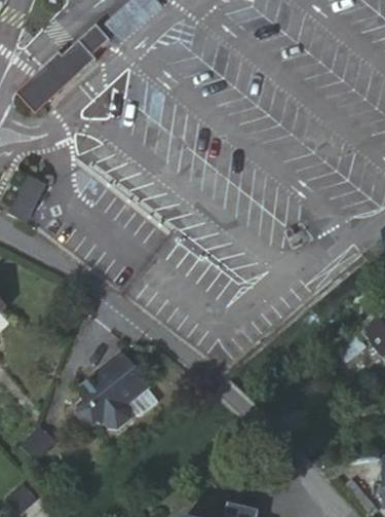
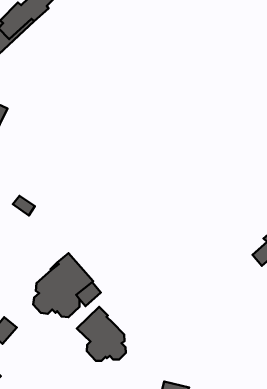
building: none -> [77,307,126,361]

